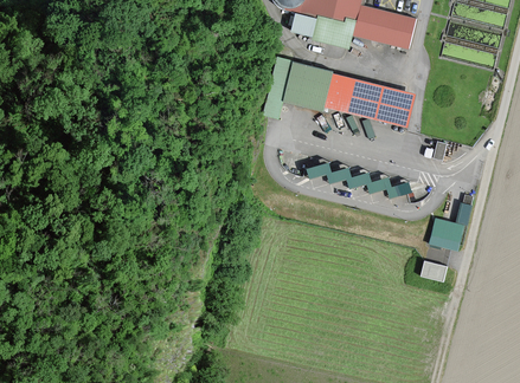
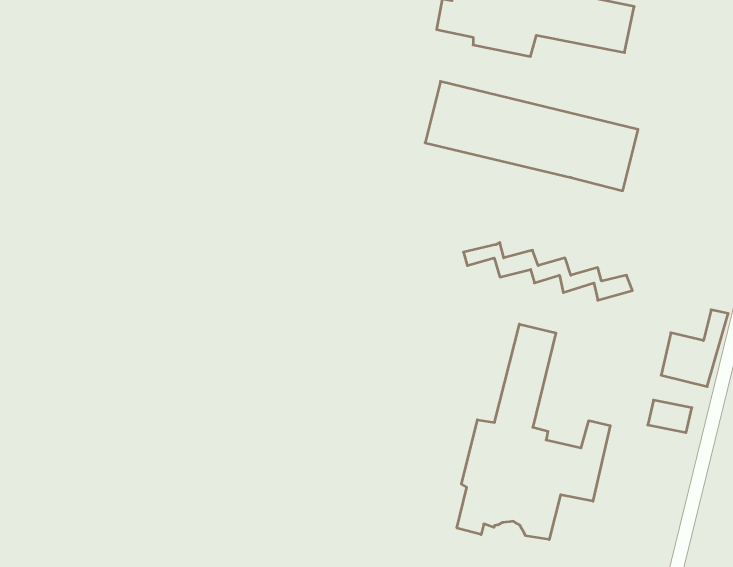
building: none -> [457,324,610,540]

